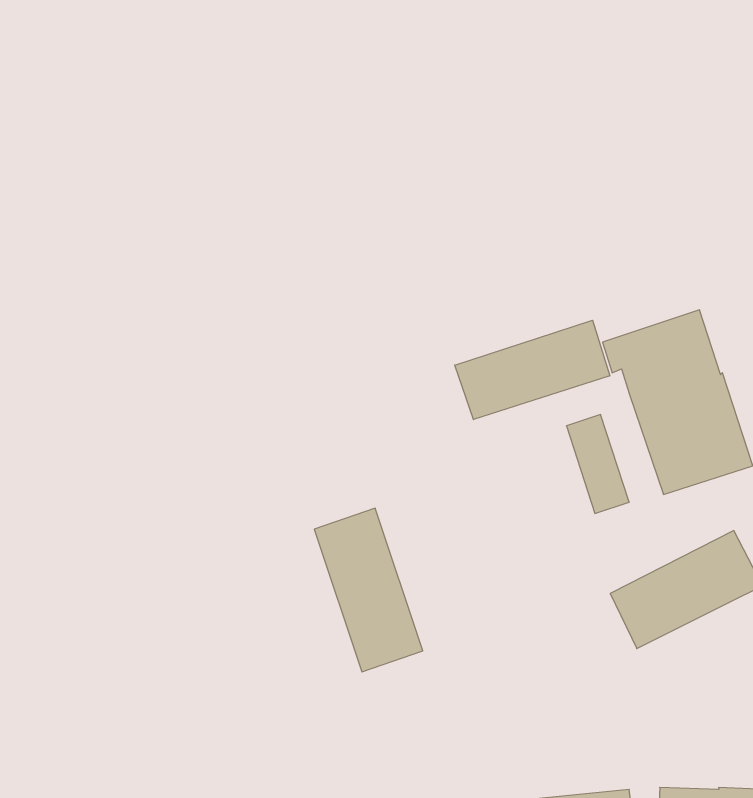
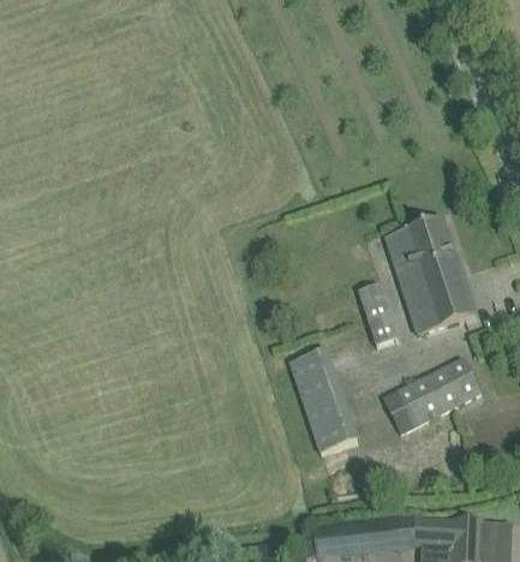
building: [455,320,610,420] -> none
building: [314,508,423,672] -> [289,349,358,453]

